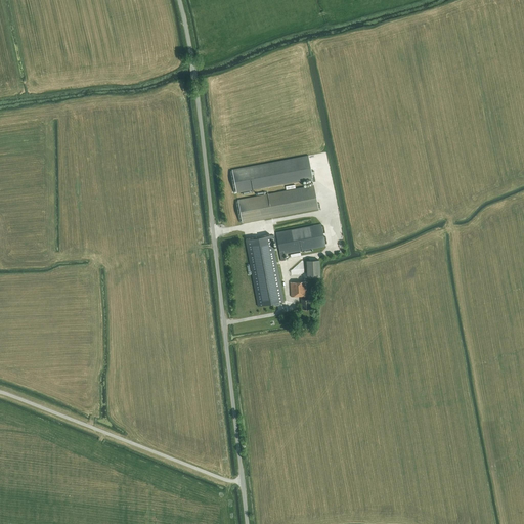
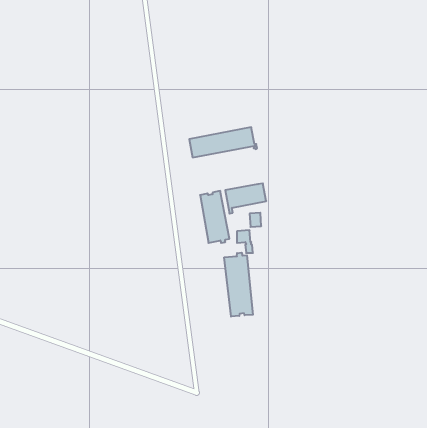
building: [236,185,319,223] -> none
building: none -> [224,253,253,317]

